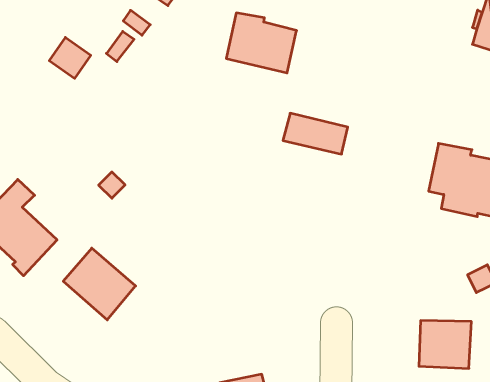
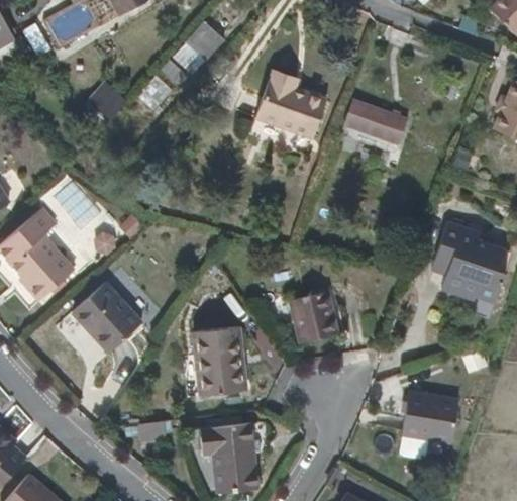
building: [283,113,348,154] -> [344,99,408,144]
building: none -> [291,292,339,343]
building: none -> [193,328,247,396]

